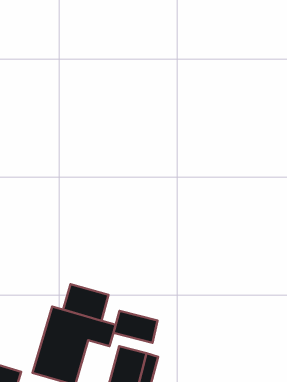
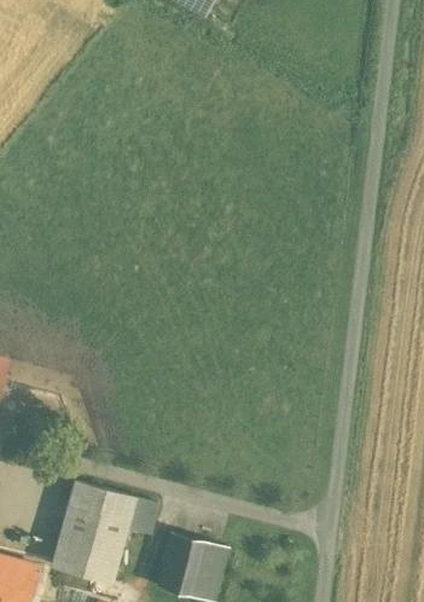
building: [63,284,108,321] -> none
building: [114,311,158,343] -> none

